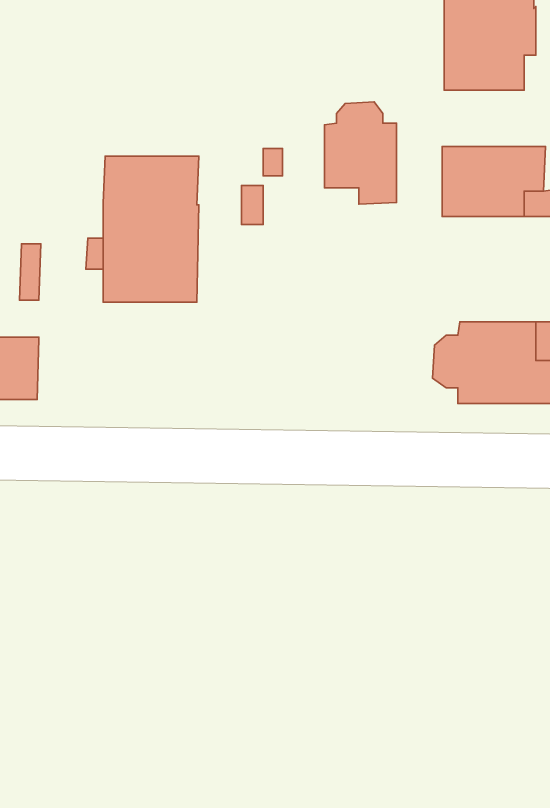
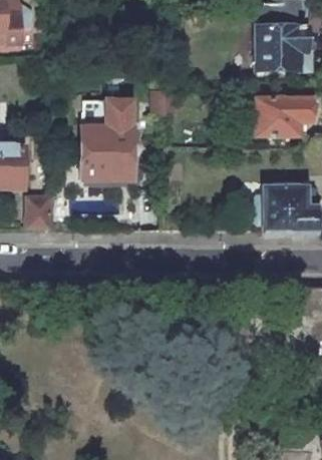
building: [325,102,397,204] -> none

